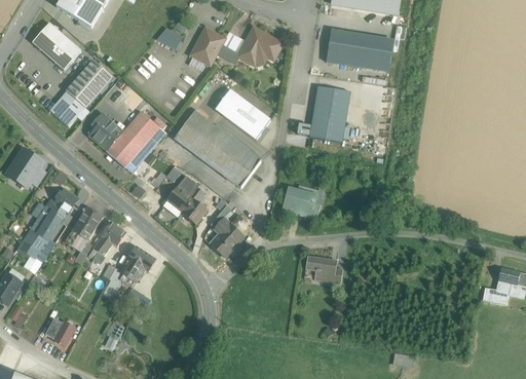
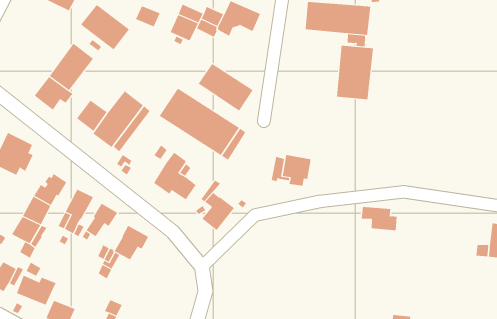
building: [32,22,81,69] -> [80,4,130,50]
building: [309,85,350,142] -> [336,45,374,100]
building: [305,256,342,282] -> [361,206,398,231]
building: none -> [16,275,56,305]

